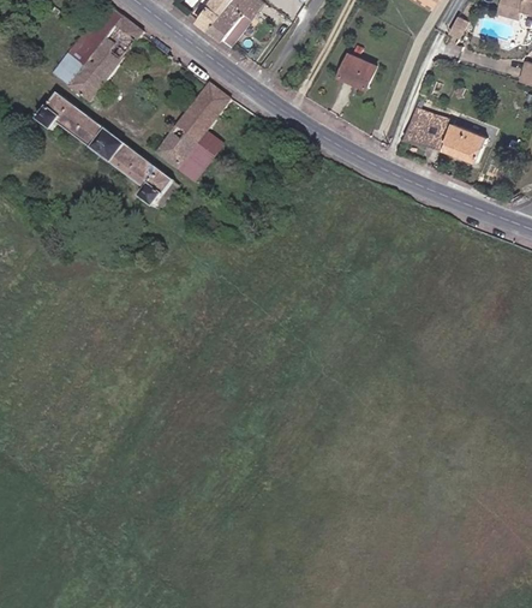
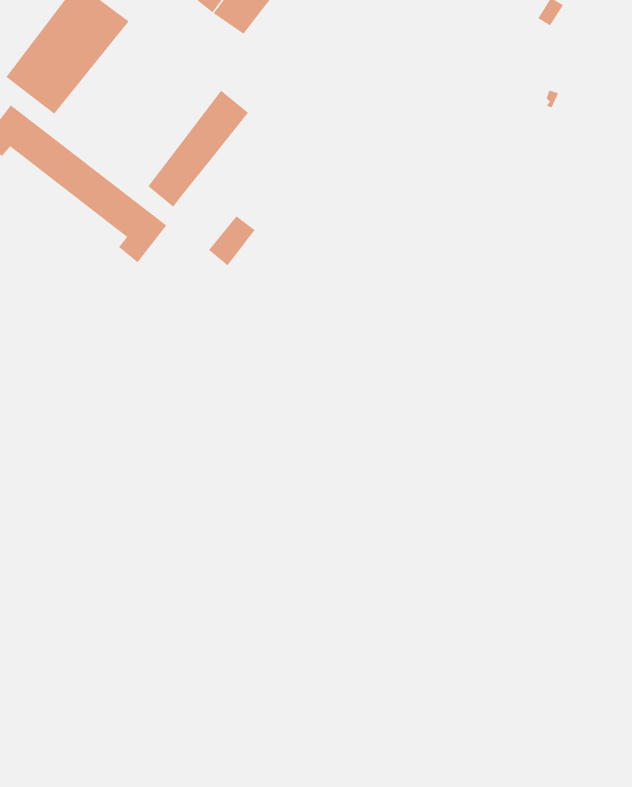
building: [337,53,373,85] -> none
building: [404,106,484,160] -> none
building: [186,135,221,172] -> [208,216,256,266]

